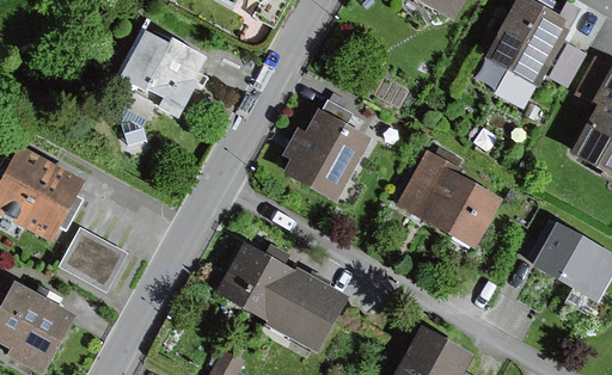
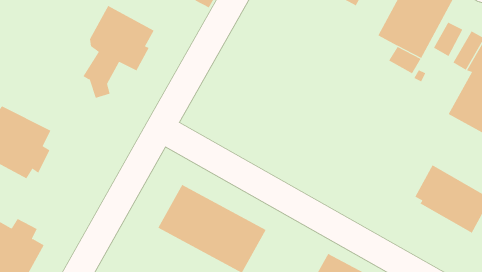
building: [281,99,369,202] -> none
building: [393,149,501,250] -> none
building: [60,226,128,290] -> none

